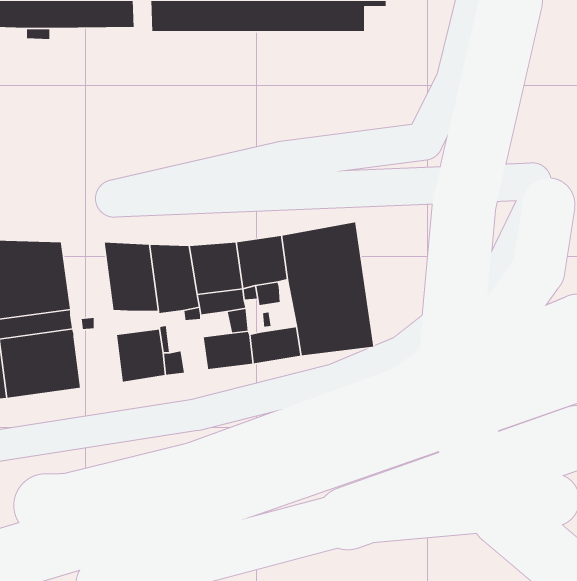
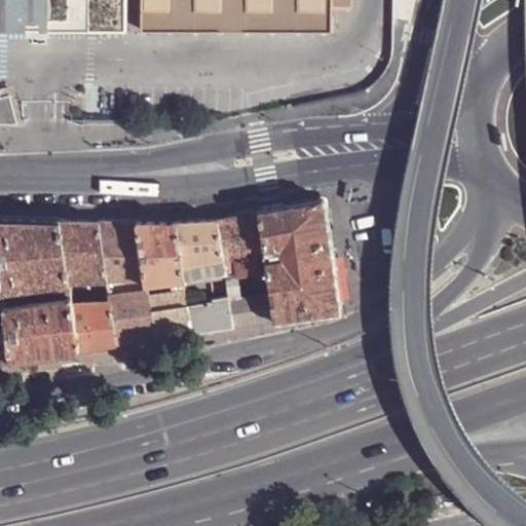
building: none -> [55,220,102,281]
building: none -> [67,303,110,351]

